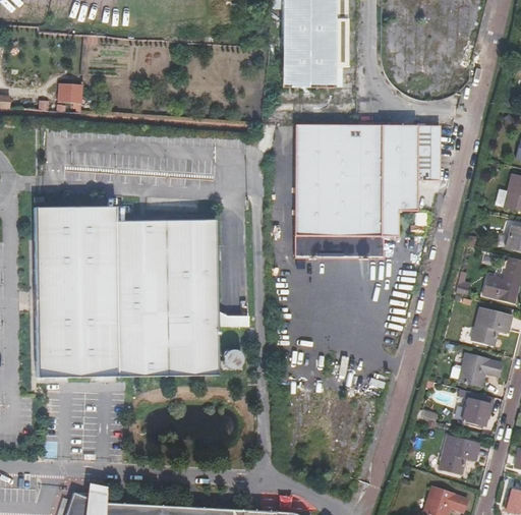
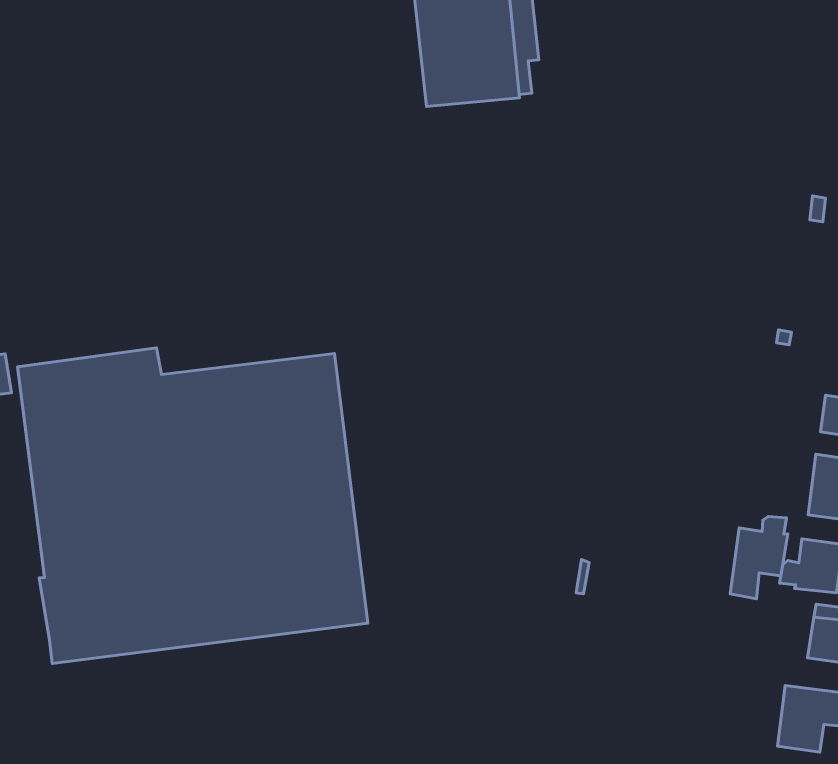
building: [57,79,82,102] -> none
building: [295,125,440,258] -> none
building: none -> [730,516,788,599]

